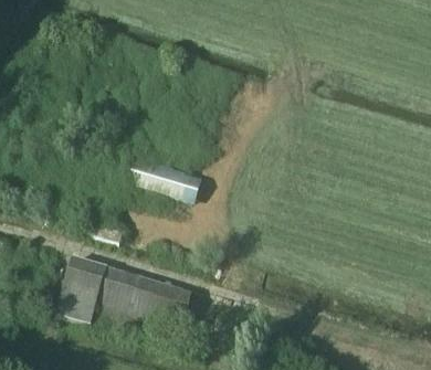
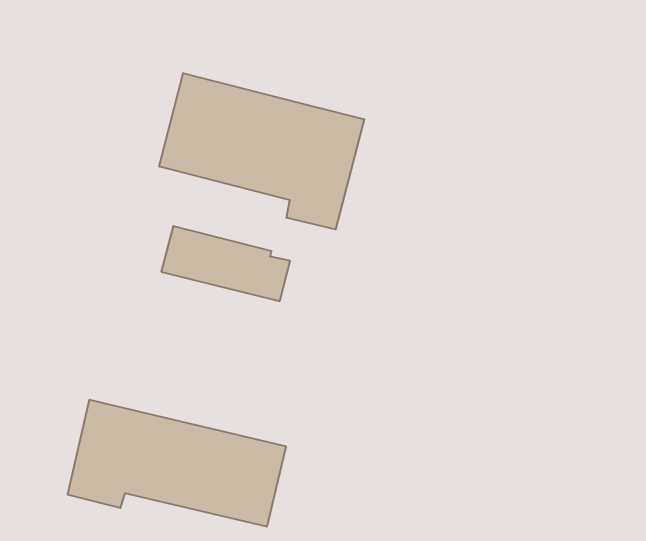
building: none -> [159,73,364,229]

